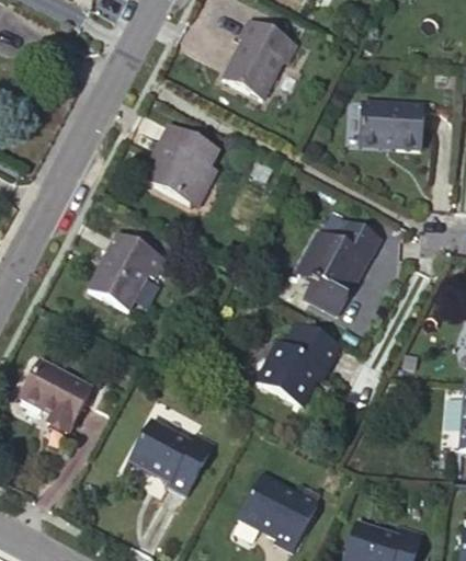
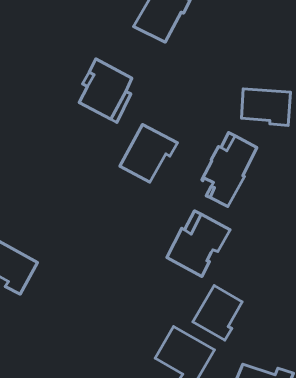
building: [359,104,423,152] -> [241,89,291,126]
building: [88,236,163,311] -> [120,125,177,182]
building: none -> [193,286,242,340]
building: [128,421,214,493] -> none

